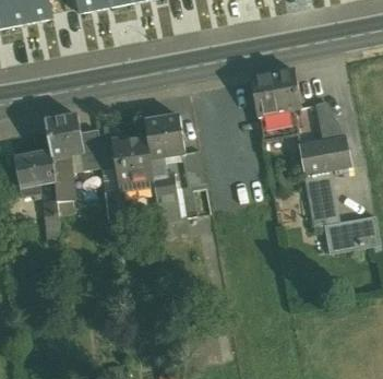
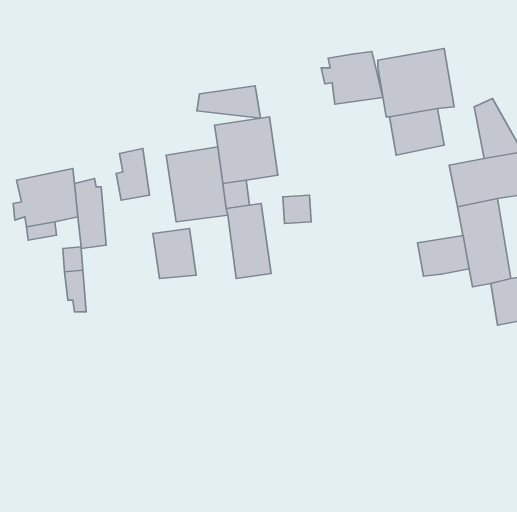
building: none -> [321,52,383,104]
building: none -> [197,86,261,118]
building: [46,112,84,157] -> none
building: none -> [417,236,469,276]

